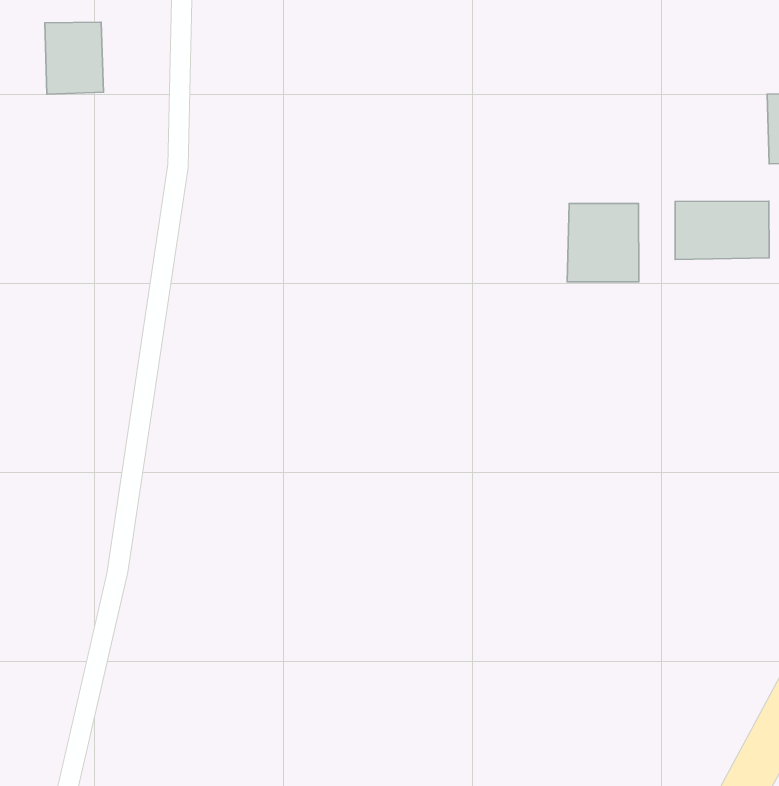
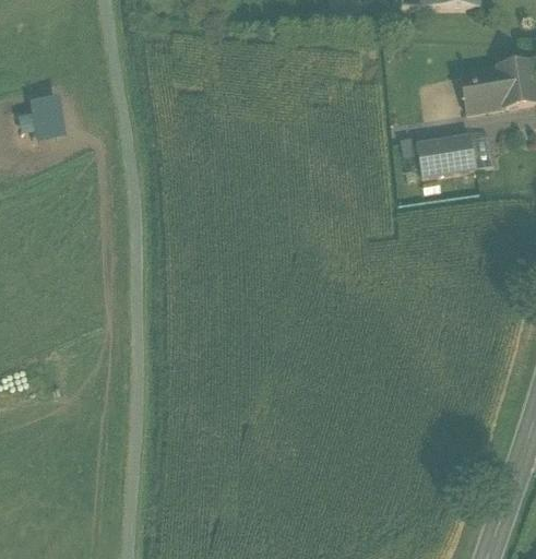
building: [567,203,639,282] -> none

